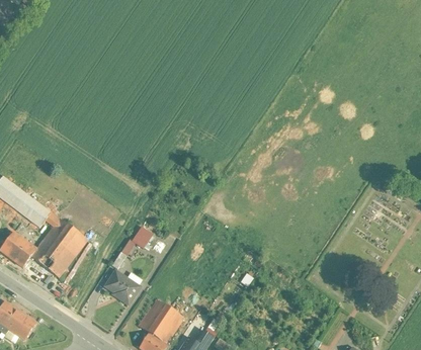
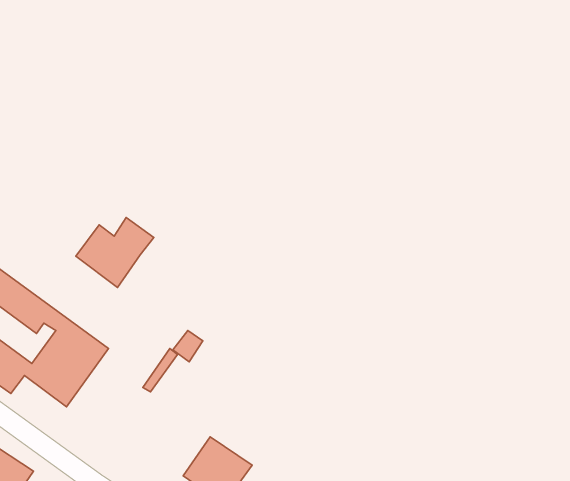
building: none -> [76,218,154,287]
building: [103,269,141,305] -> none

